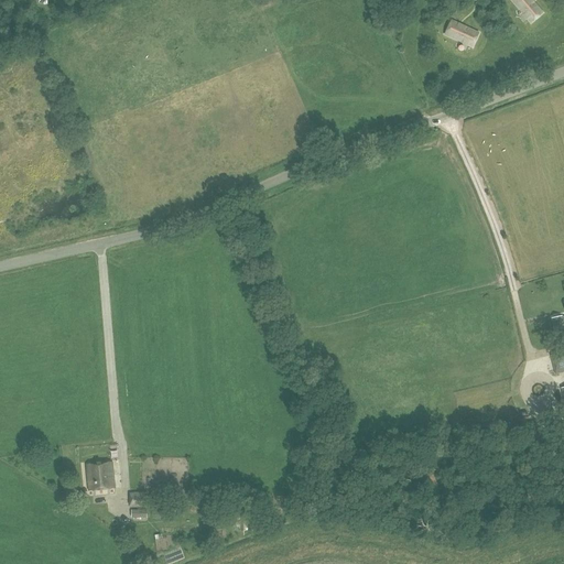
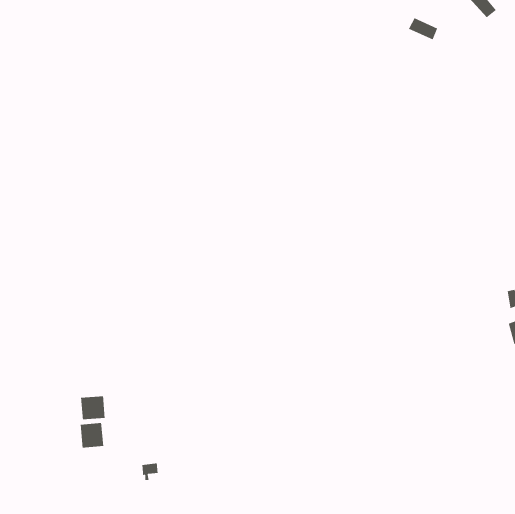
building: none -> [80,395,106,420]

